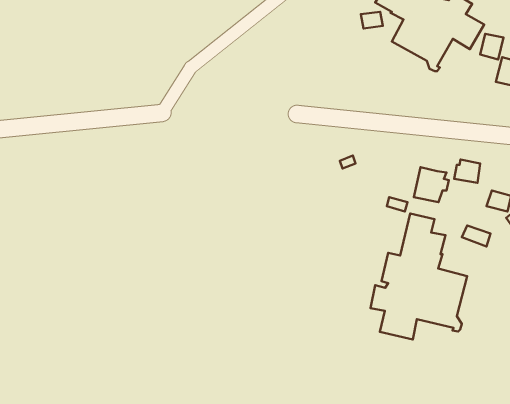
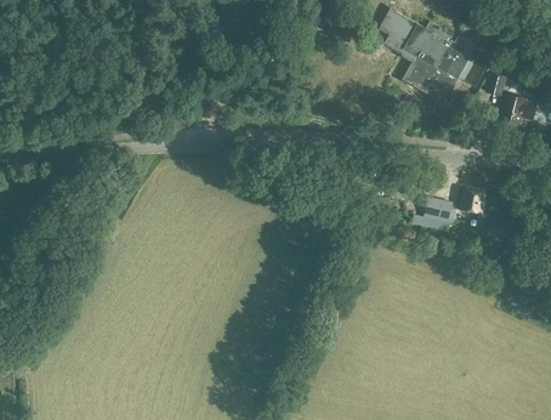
building: [370,213,467,339] -> none

